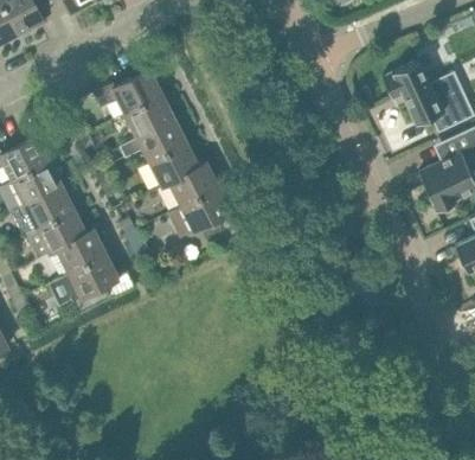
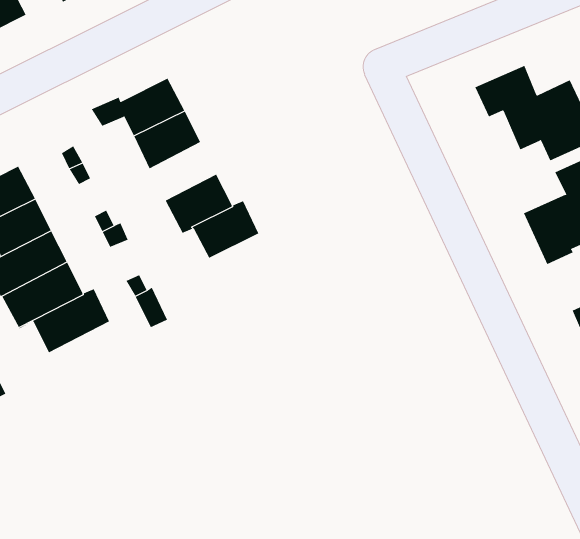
building: [121,119,187,162] -> none
building: [168,187,232,238] -> none
building: [60,254,120,314] -> none

